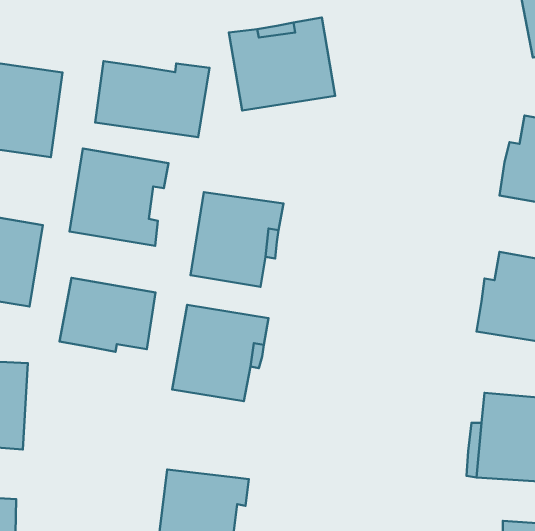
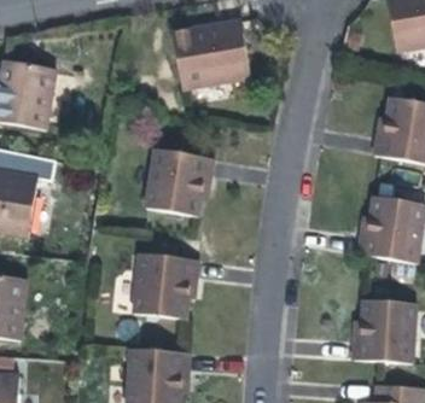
building: [95,61,209,137] -> none
building: [69,149,169,246] -> none
building: [59,278,156,352] -> none

